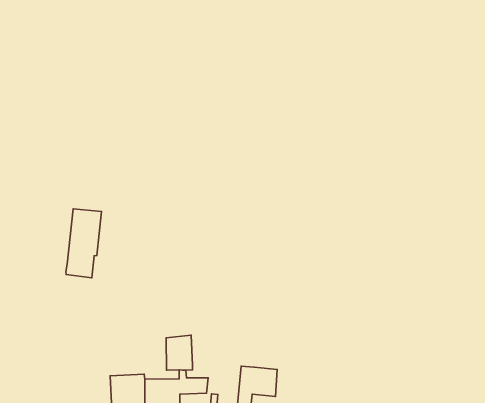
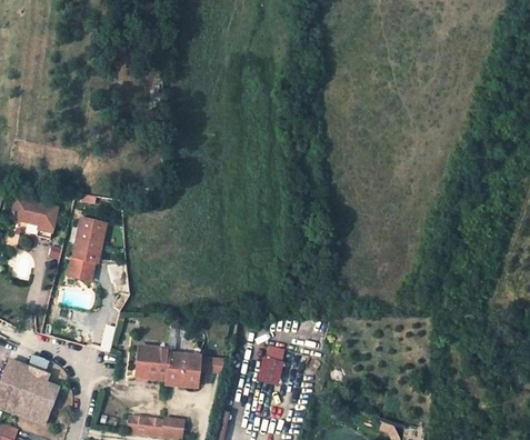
building: [66,209,102,278] -> [68,217,106,279]
building: [166,335,193,370] -> none

